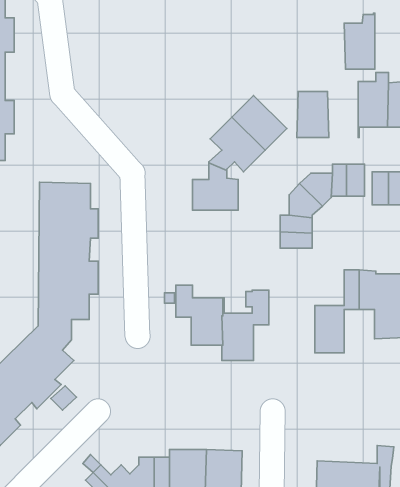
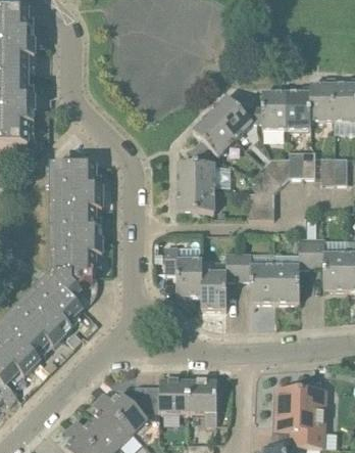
building: [344,13,375,69] -> [286,84,310,129]
building: none -> [178,187,214,212]
building: none -> [239,252,275,302]

